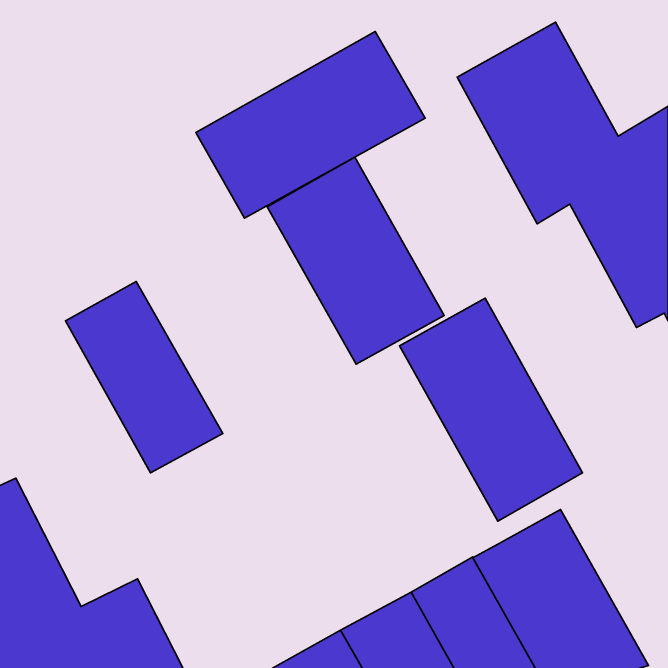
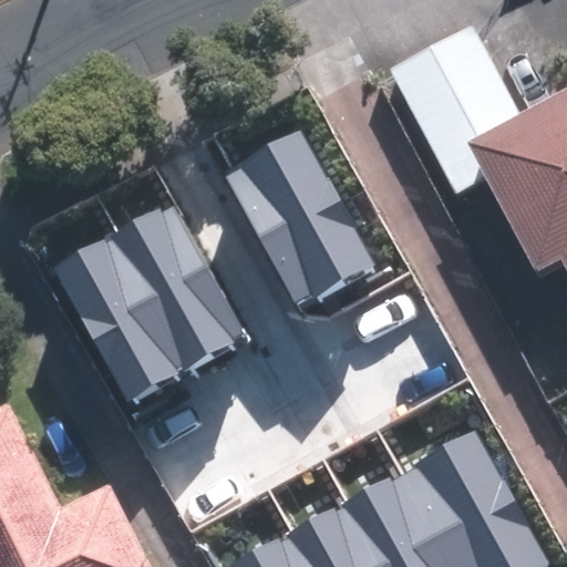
building: [196,32,425,218] -> none
building: none -> [115,207,245,368]
building: [399,298,583,521] -> none

